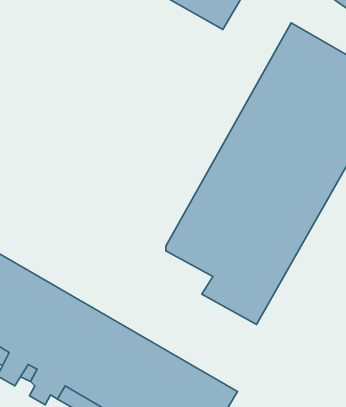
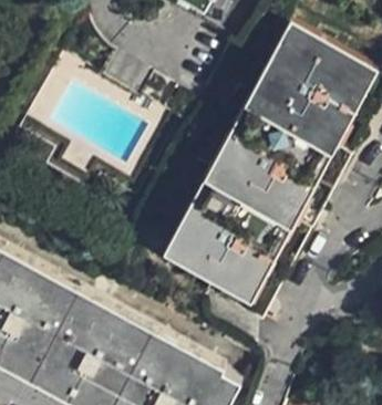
building: none -> [163,20,296,280]

